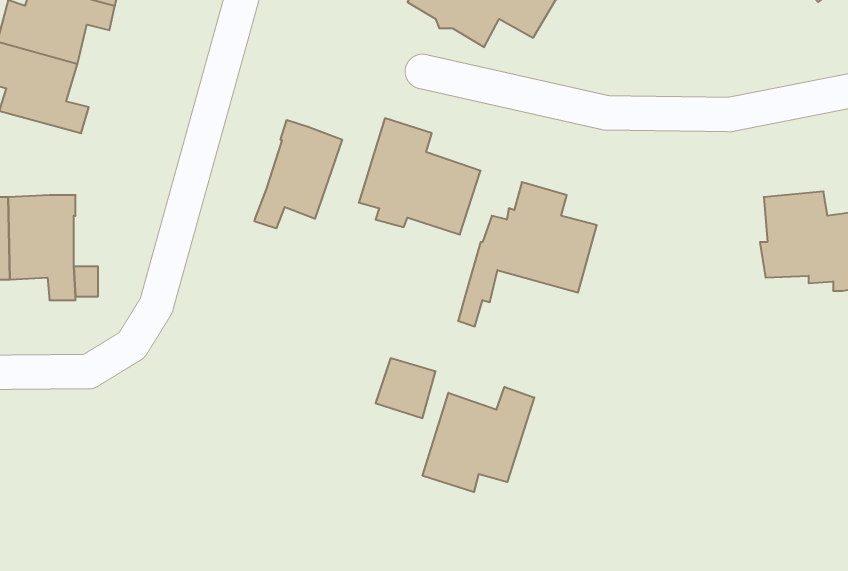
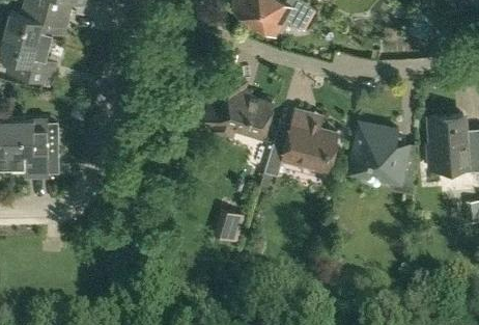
building: [254,120,342,228] -> none
building: none -> [353,125,414,191]
building: [423,387,534,492] -> none

